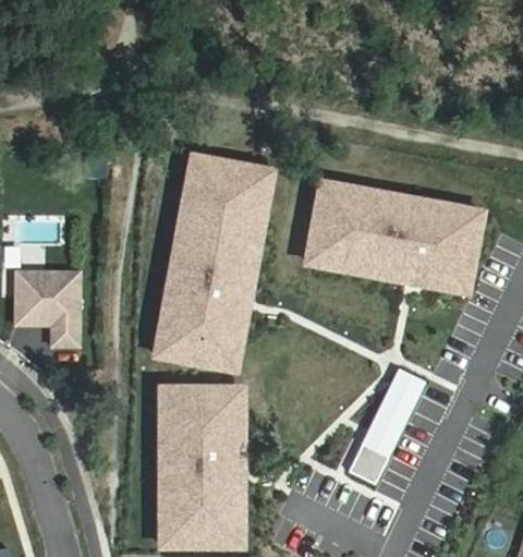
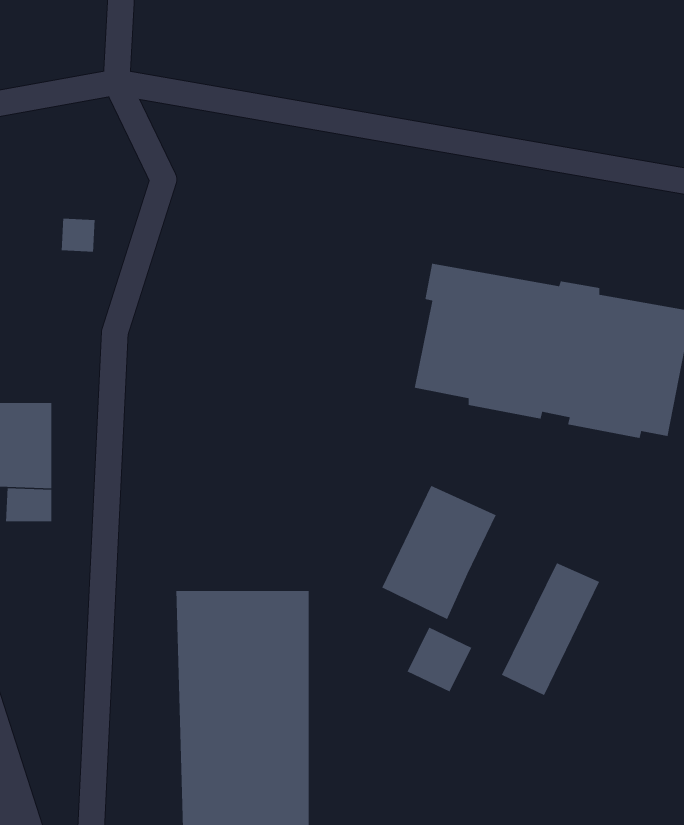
building: [157,156,273,368] -> none
building: none -> [381,485,497,620]
building: [348,440,389,482] -> [406,627,472,693]

